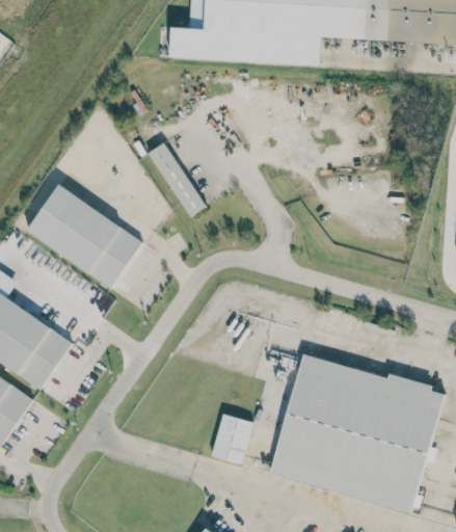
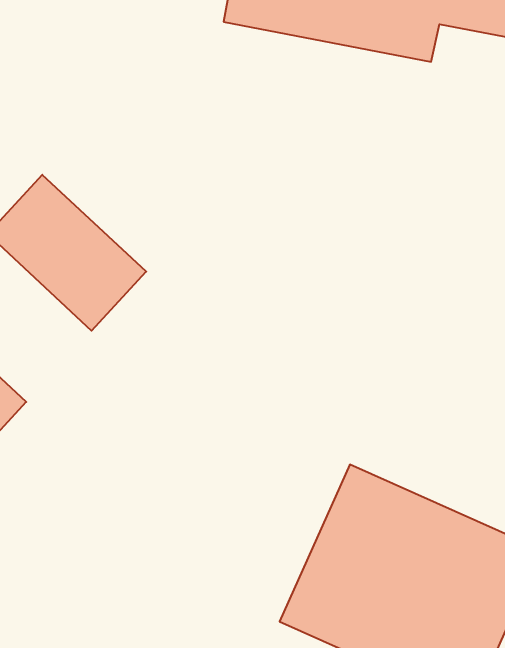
building: [147,142,205,215] -> none
building: [212,414,252,463] -> none

